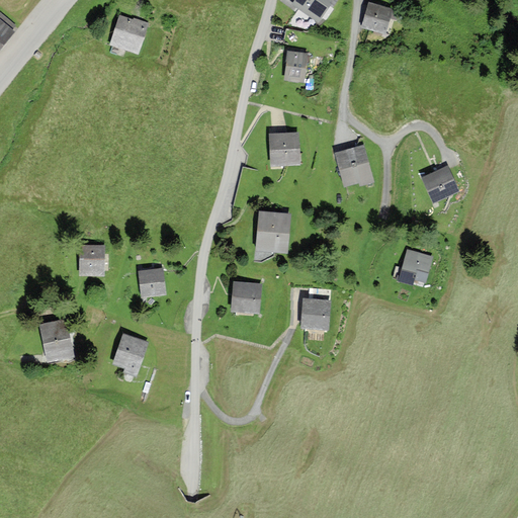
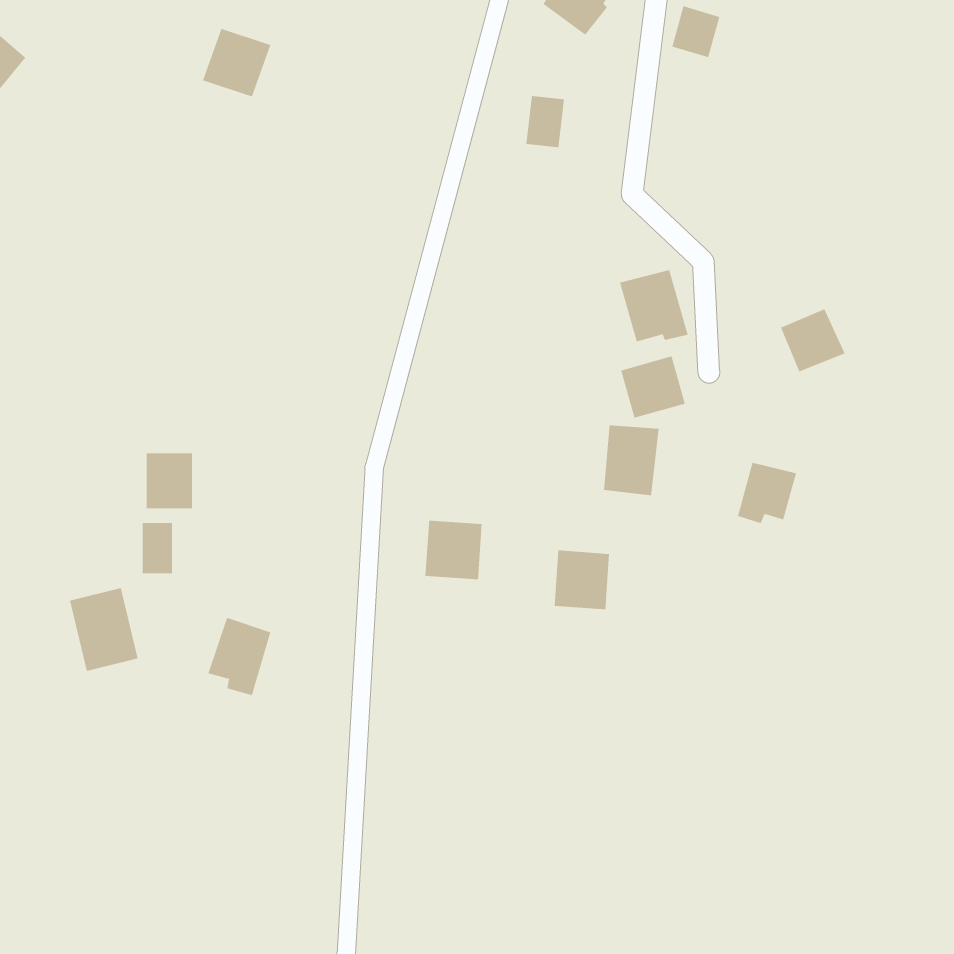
building: [269,133,298,166] -> none
building: none -> [620,356,685,418]
building: [257,213,287,252] -> [603,425,659,496]
building: [138,269,164,296] -> none
building: none -> [142,522,172,574]

